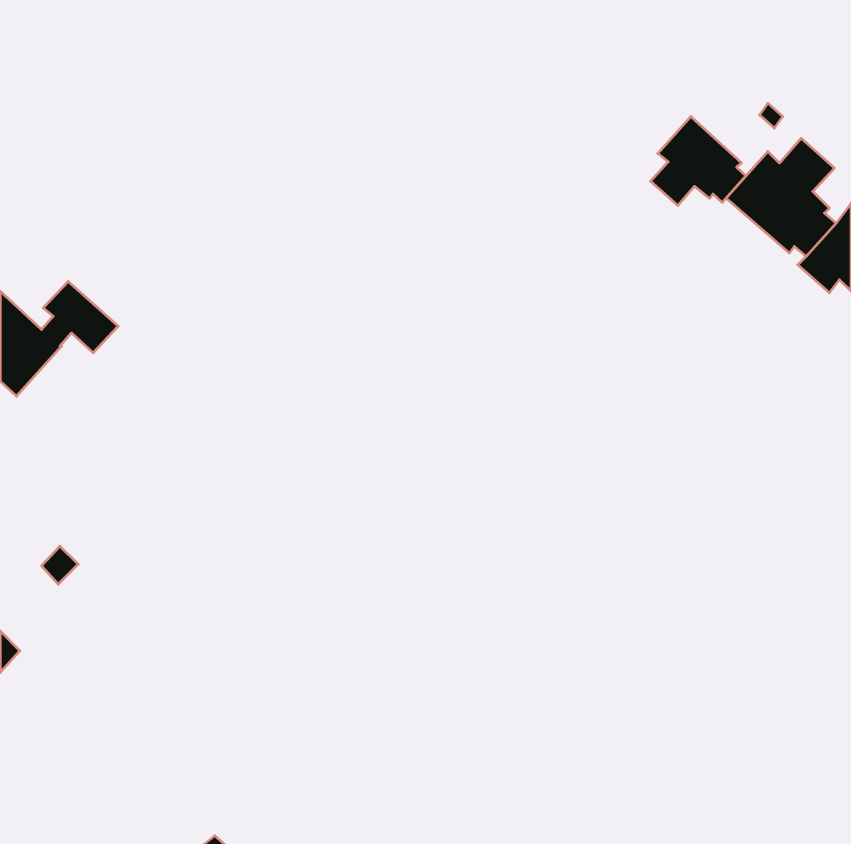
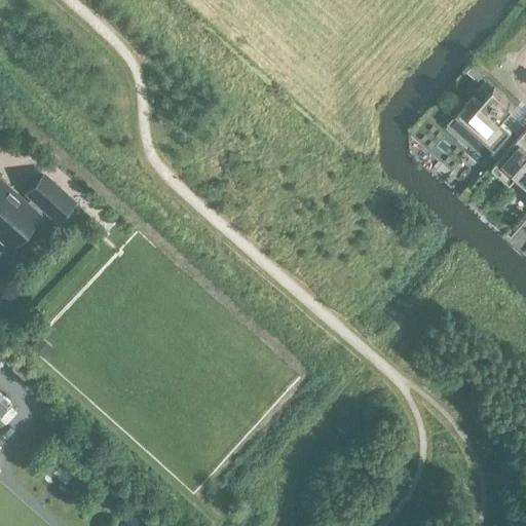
building: [650,116,746,206] -> none

